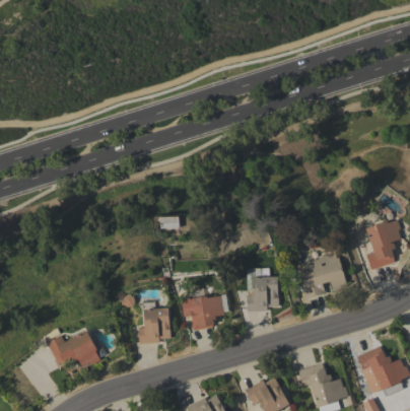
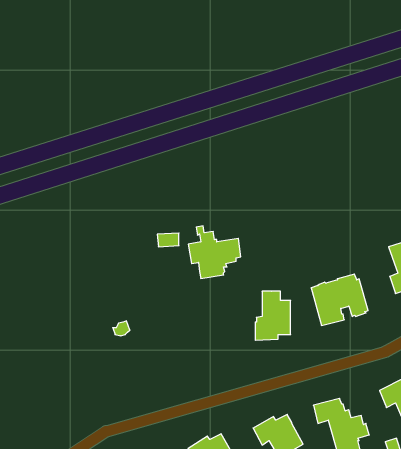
building: [182,283,228,330] -> [188,226,241,278]
building: [138,307,170,344] -> none
building: [47,330,100,367] -> none

